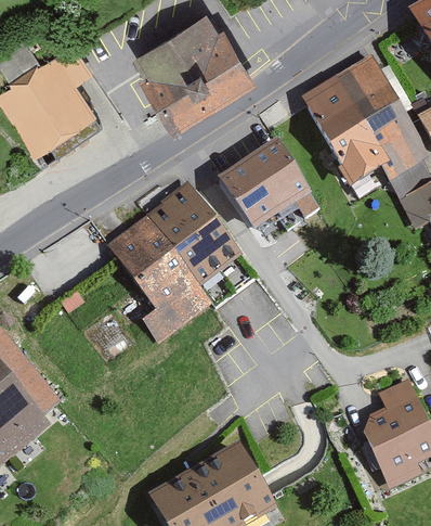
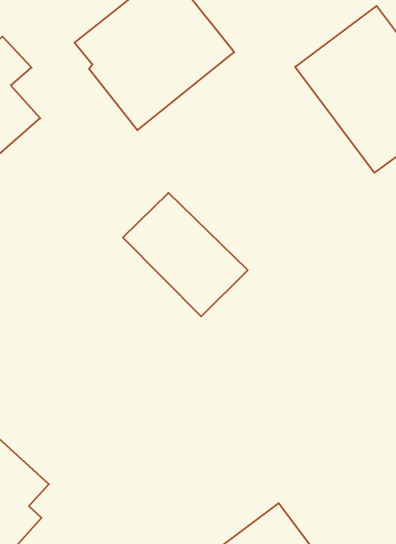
building: [217,138,314,232] -> none
building: [106,214,212,343] -> none

